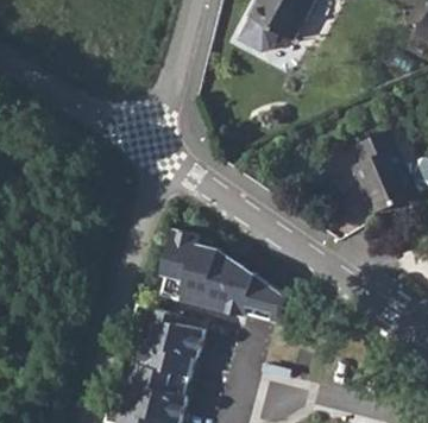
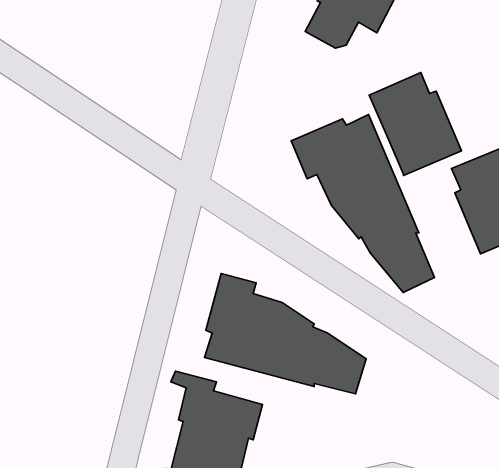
building: none -> [369,73,461,176]
building: none -> [291,115,435,292]

